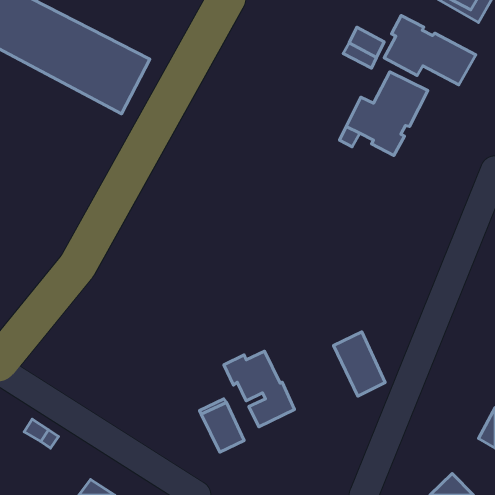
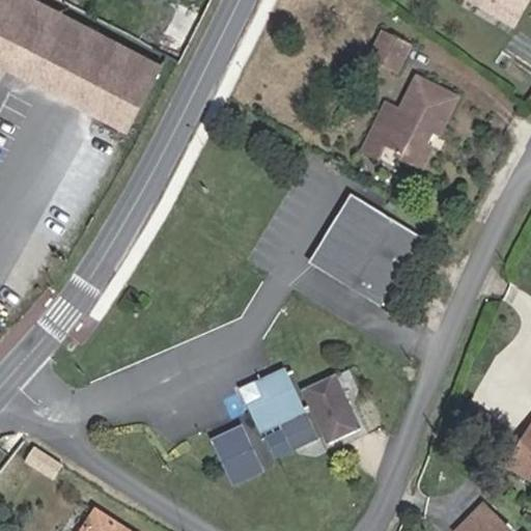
building: [384,16,476,85] -> none
building: none -> [315,200,418,302]
building: [333,332,385,396] -> [303,373,358,442]

